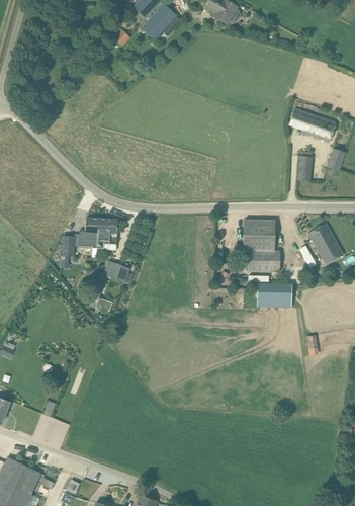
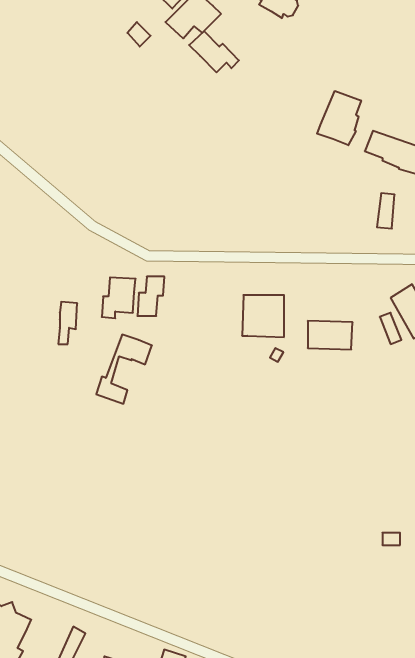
building: none -> [189,31,239,72]
building: none -> [317,91,361,145]
building: [79,218,99,247] -> [137,277,164,316]
building: [243,220,274,251] -> [242,295,284,337]
building: [258,285,290,304] -> none

